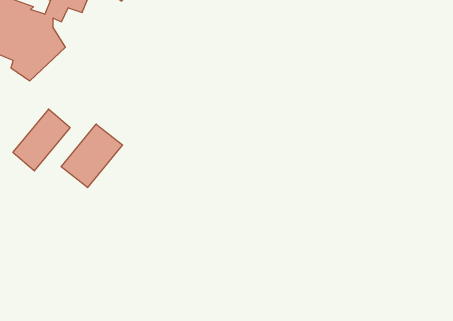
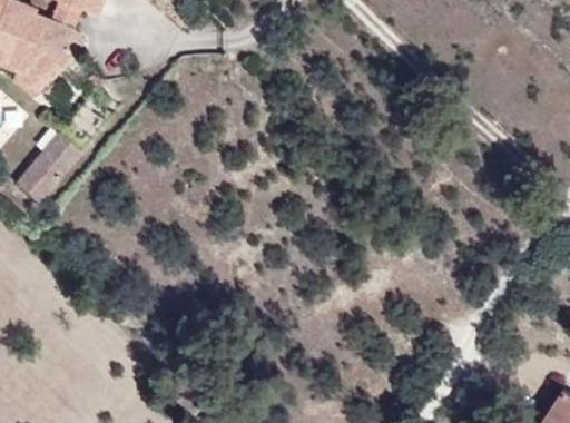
building: [61,124,123,188] -> none

